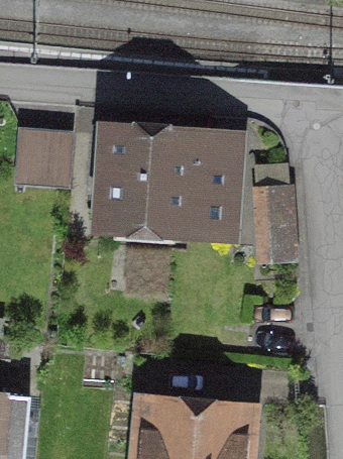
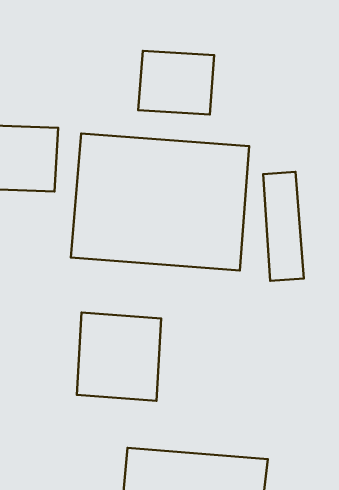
building: none -> [138,51,214,114]
building: none -> [77,312,161,401]

